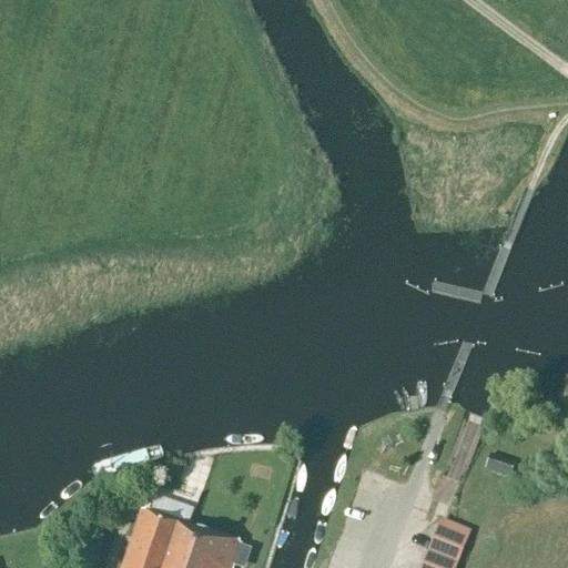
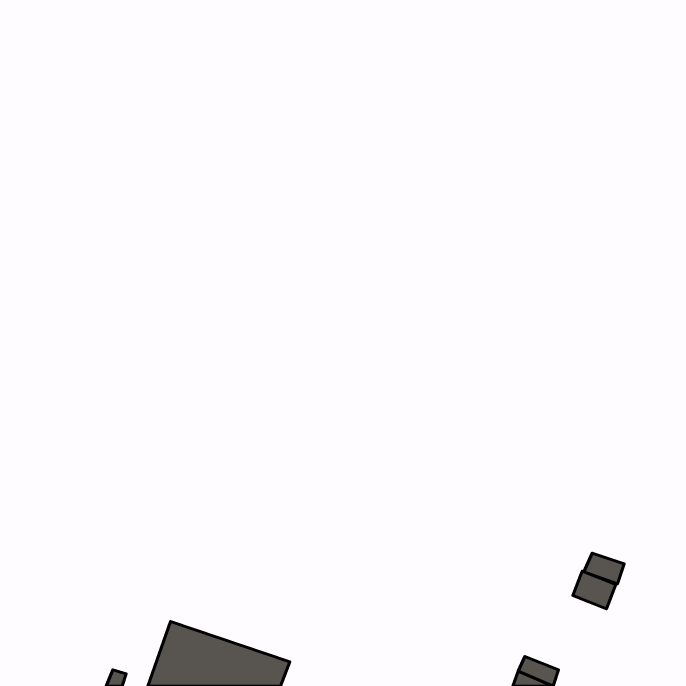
building: [434,523,469,554] -> [573,571,616,609]

